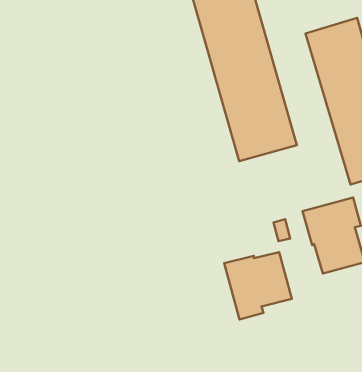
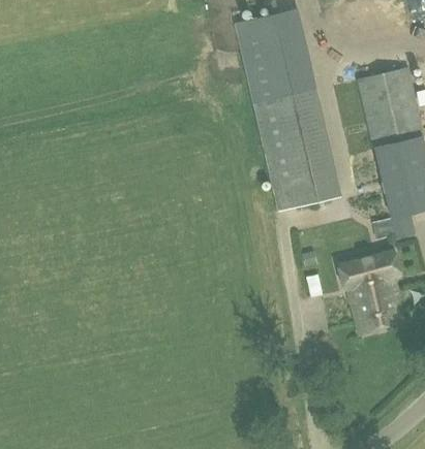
building: [224,252,292,320] -> none

